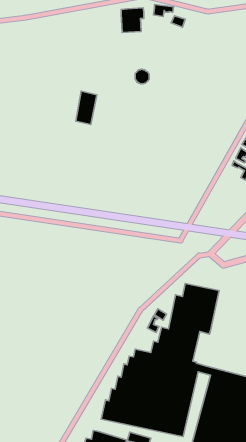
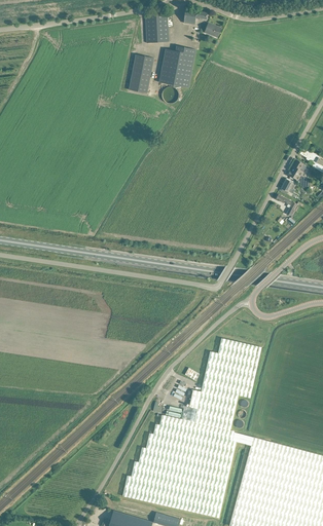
building: none -> [158,46,195,88]
building: [76,91,97,125] -> [129,54,153,93]

